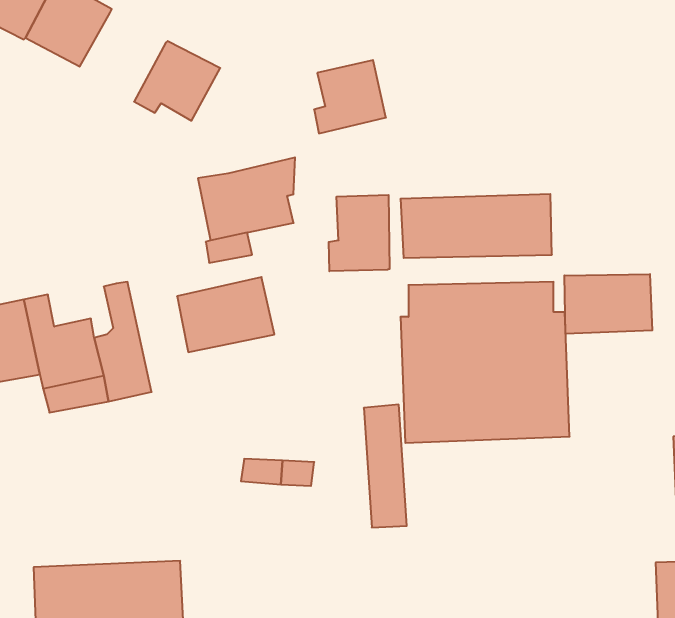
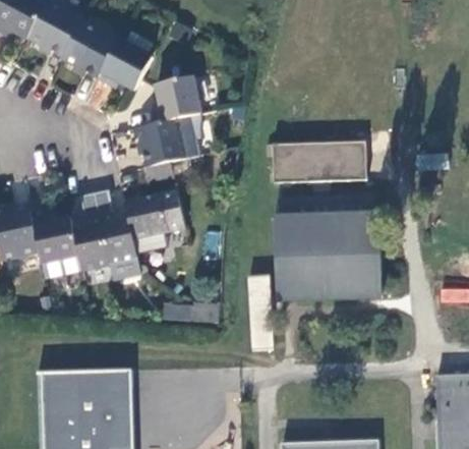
building: none -> [65,23,121,80]
building: [314,60,386,133] -> [158,79,203,126]
building: [329,195,390,271] -> none
building: [564,274,652,334] -> none
building: none -> [97,192,139,266]

